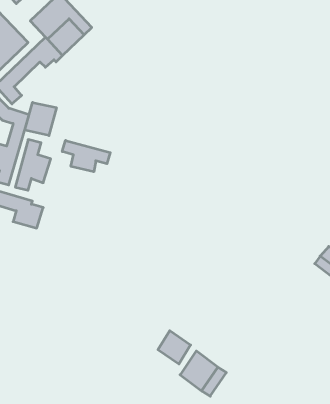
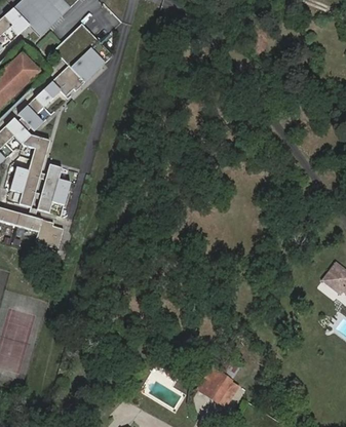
building: [25,102,56,136] -> none
building: [62,140,110,172] -> none
building: [158,331,191,364] -> none

